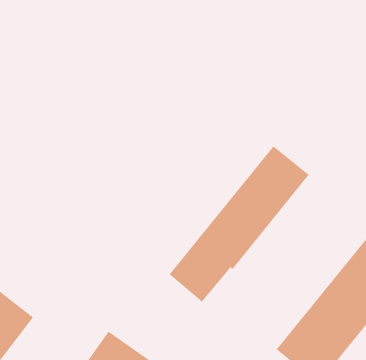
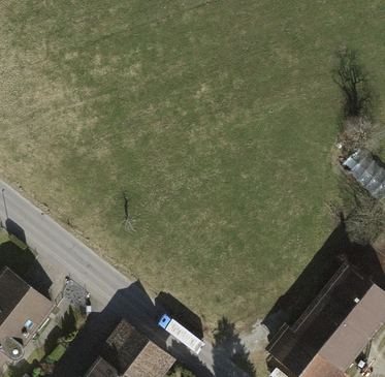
building: [169,145,310,302] -> none

